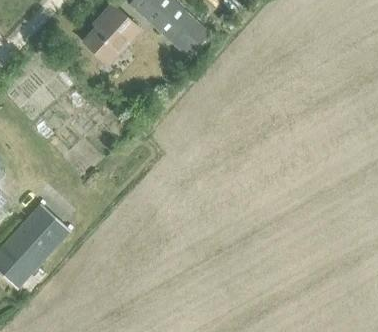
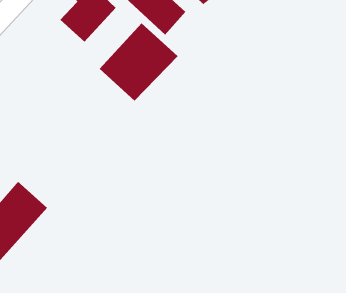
building: none -> [99,22,178,102]

